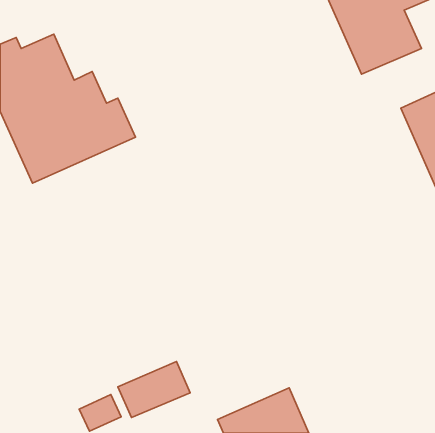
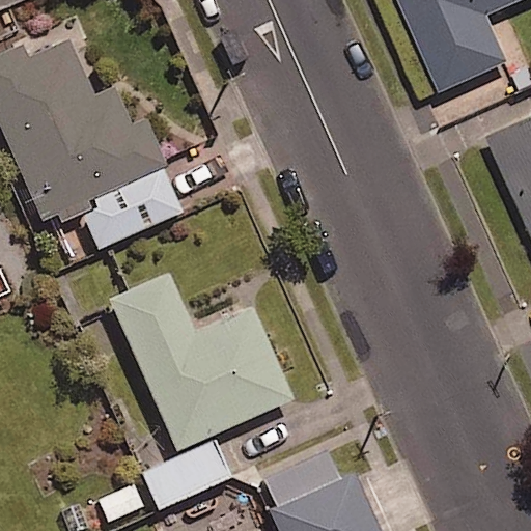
building: none -> [106,273,291,453]

